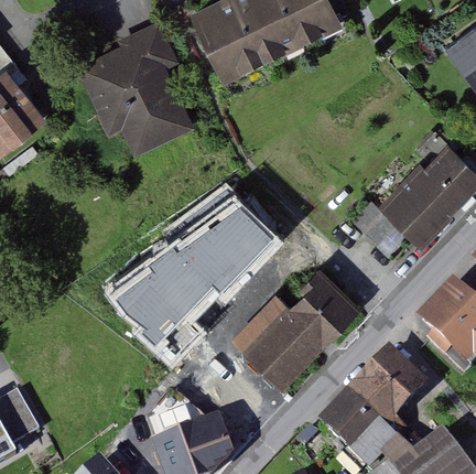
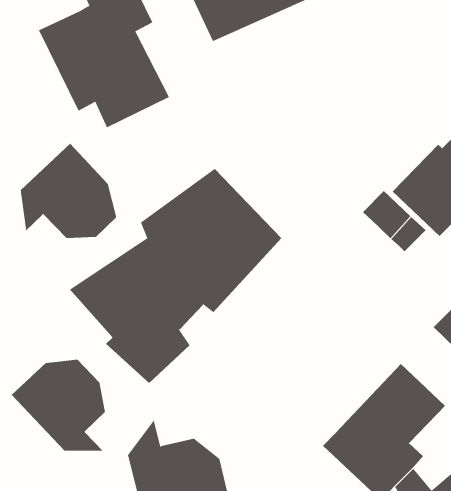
building: none -> [20,143,117,239]
building: [234,269,358,383] -> none
building: none -> [11,359,106,451]

